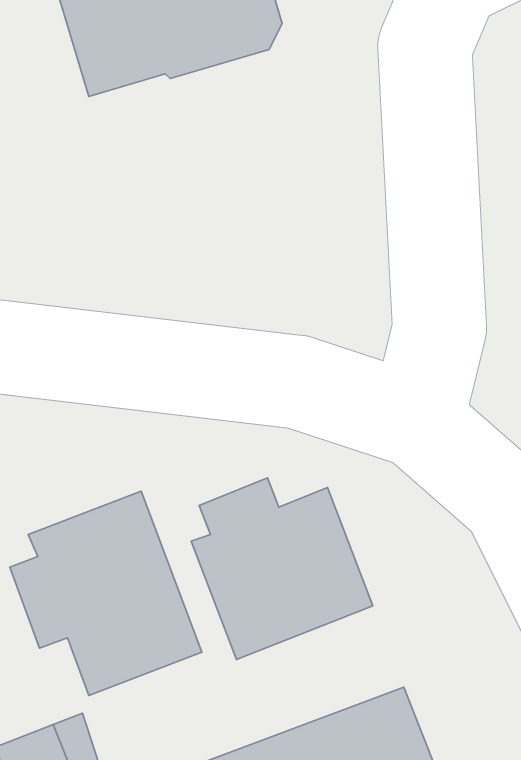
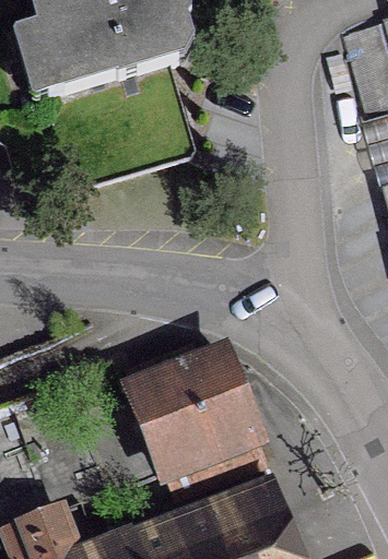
building: [10,491,202,695] -> none

